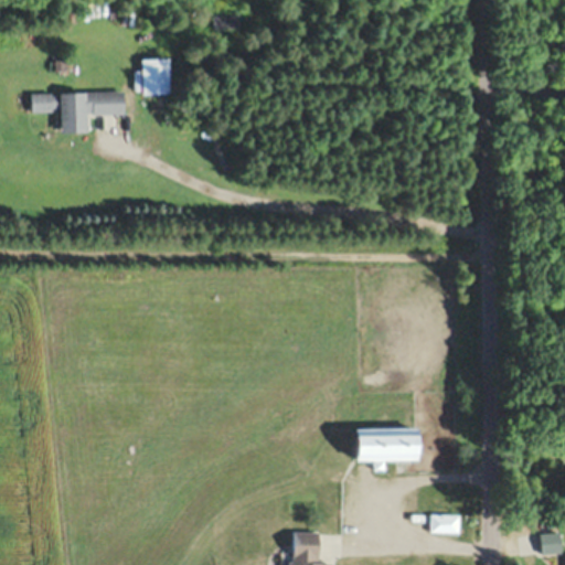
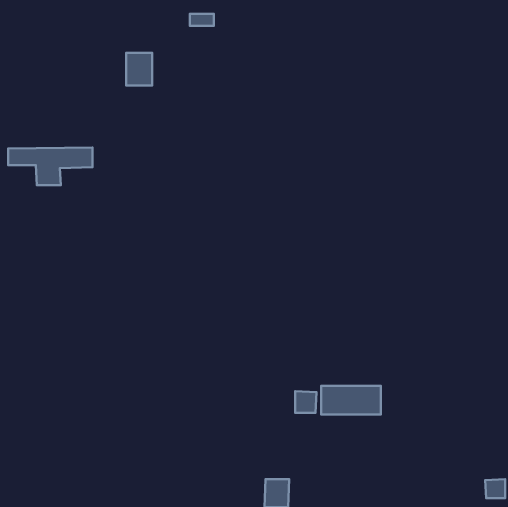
building: [30,93,124,135] -> [8,147,93,185]
building: none -> [295,391,316,413]
building: [429,515,458,532] -> none

